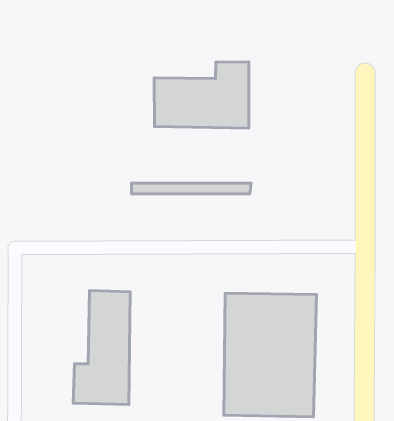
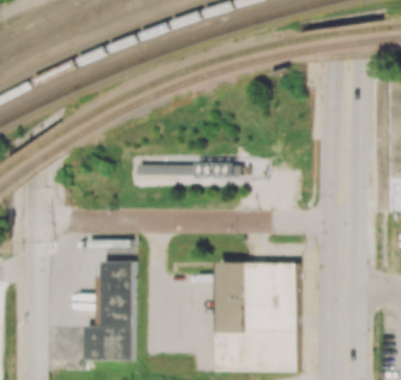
building: [154,62,249,128] -> none

